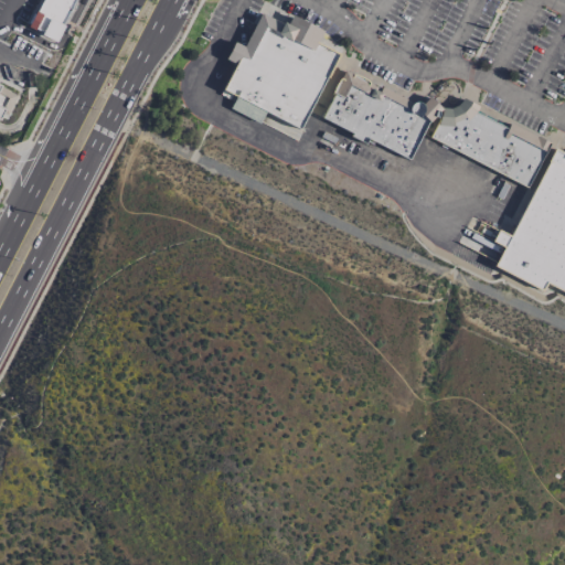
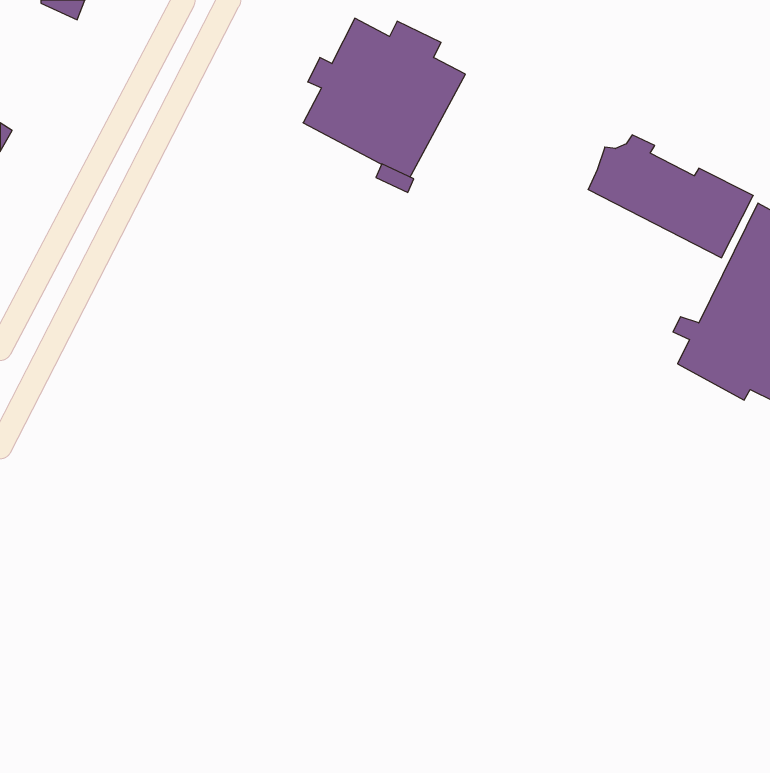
building: [323,70,443,160] -> none

